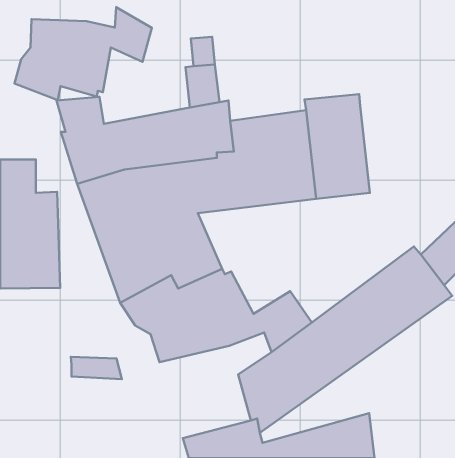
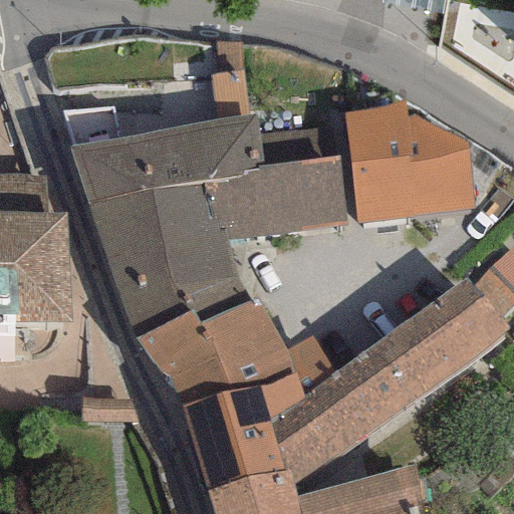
building: [14,7,152,100] -> none
building: none -> [407,115,473,216]
building: none -> [182,372,307,491]

